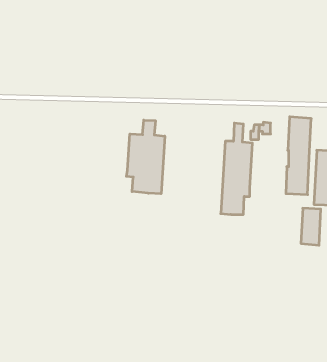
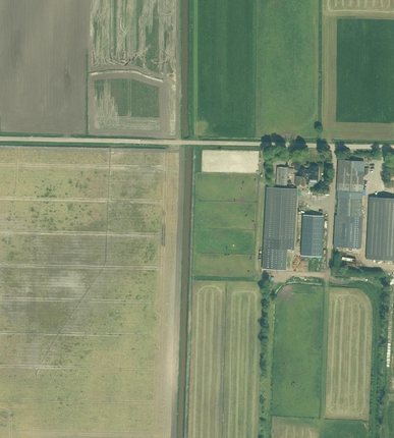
building: [126,120,165,194] -> none
building: [301,208,321,245] -> [300,215,323,257]

